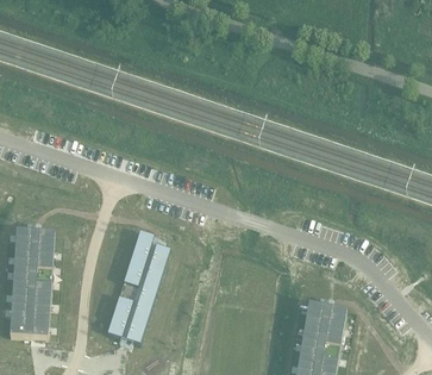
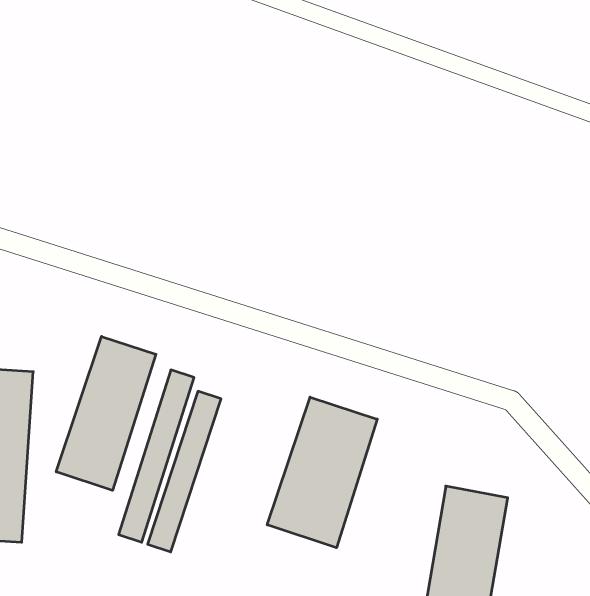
building: none -> [56,336,156,490]
building: none -> [267,397,377,548]

